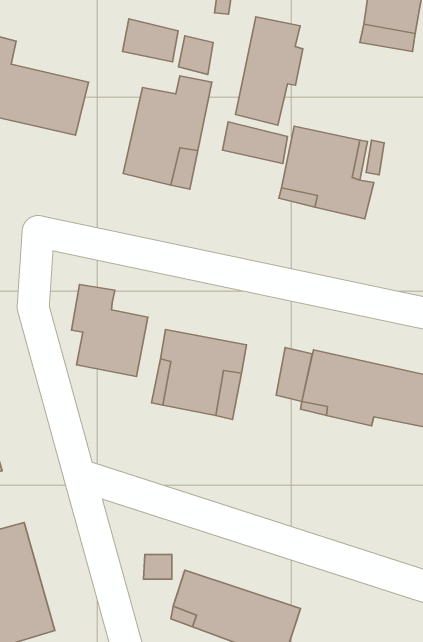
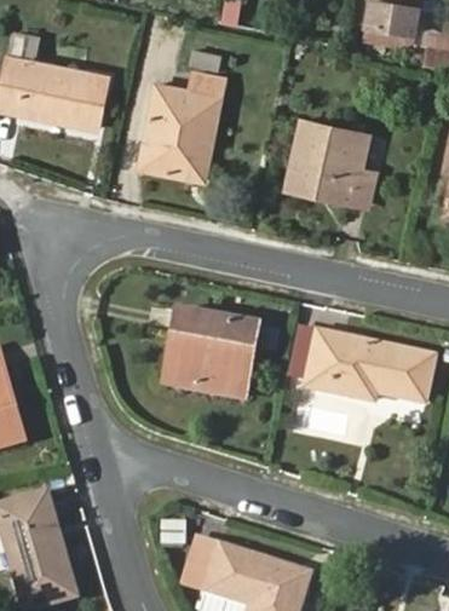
building: [235,17,303,125] -> none
building: [123,19,178,62] -> none
building: [223,122,288,164] -> none
building: [71,284,148,377] -> none

